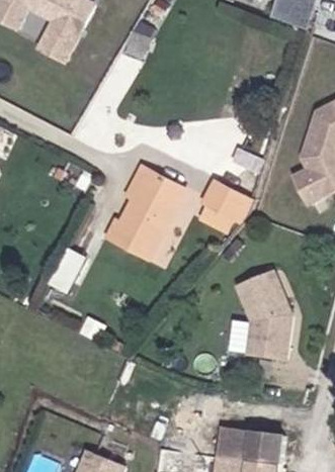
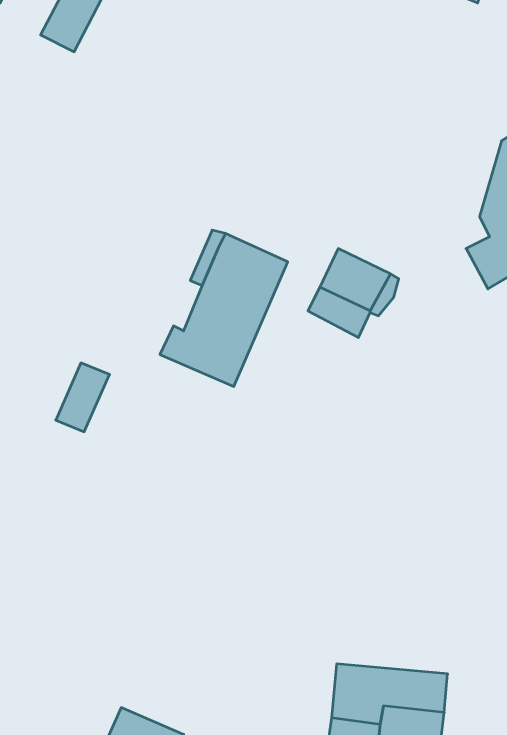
building: [233,272,288,358] -> none

